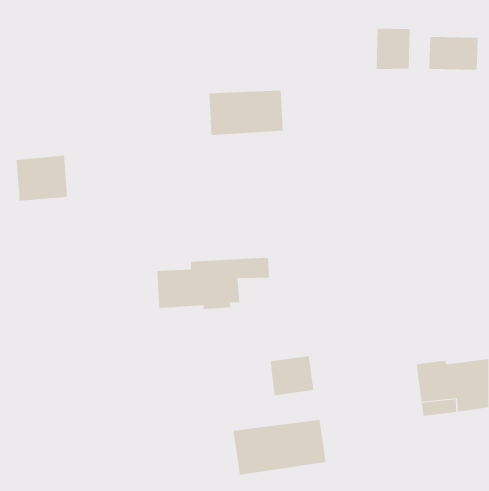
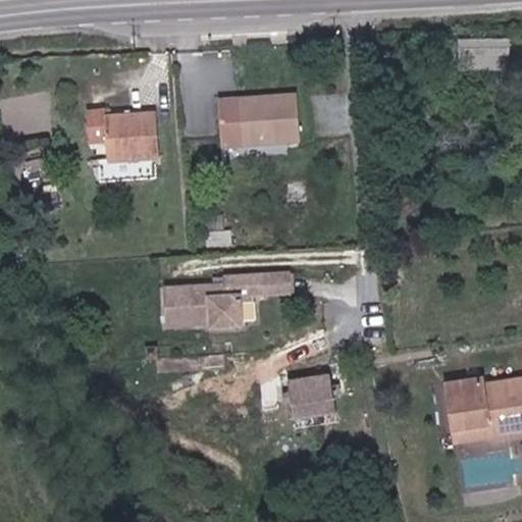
building: [376,28,410,70] -> none
building: [16,155,68,201] -> [102,108,157,157]
building: [233,419,326,475] -> none

